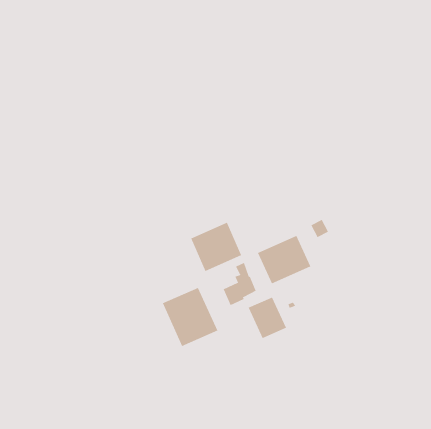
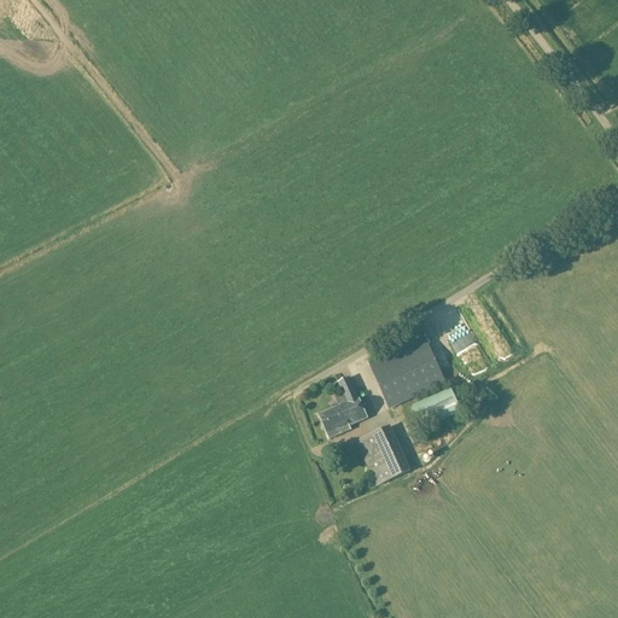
building: [191,222,242,272] -> none
building: [162,287,218,347] -> none

